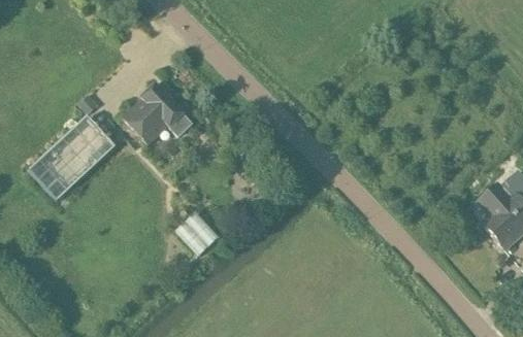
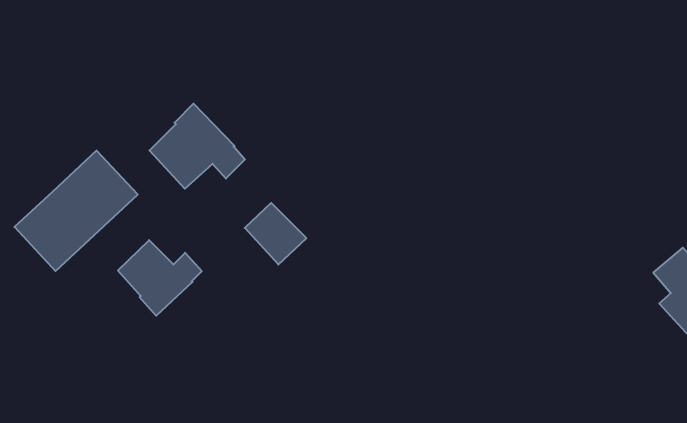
building: none -> [118,240,202,316]
building: [174,211,218,255] -> [245,203,306,265]

